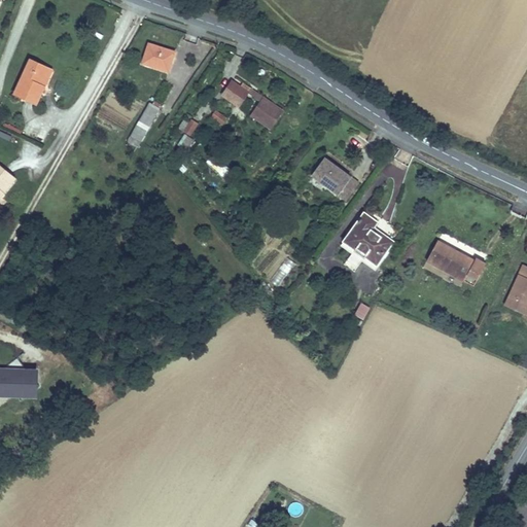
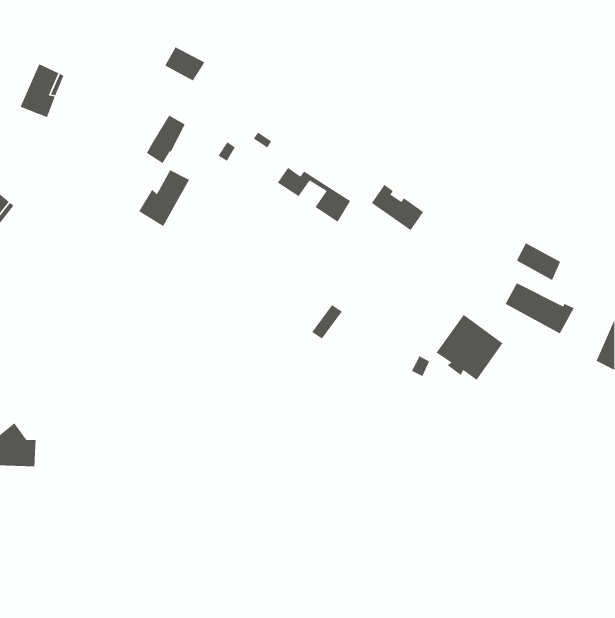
building: [224,82,287,130] -> [277,167,351,223]
building: none -> [138,169,190,227]
building: none -> [516,242,561,281]
building: [341,209,398,266] -> [436,314,504,381]

